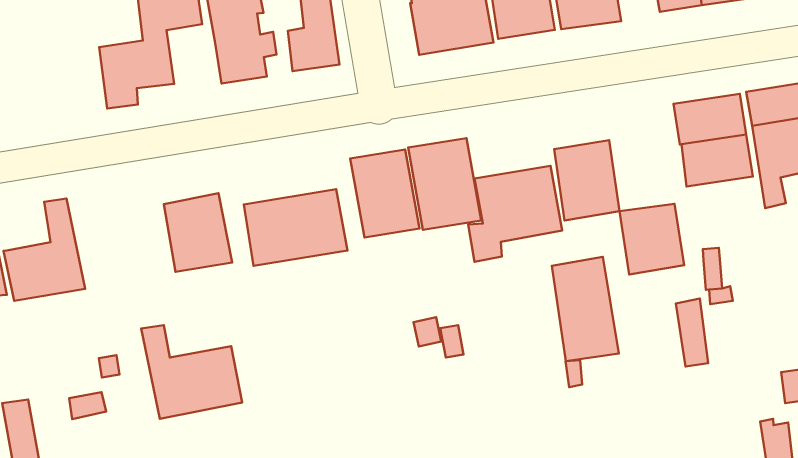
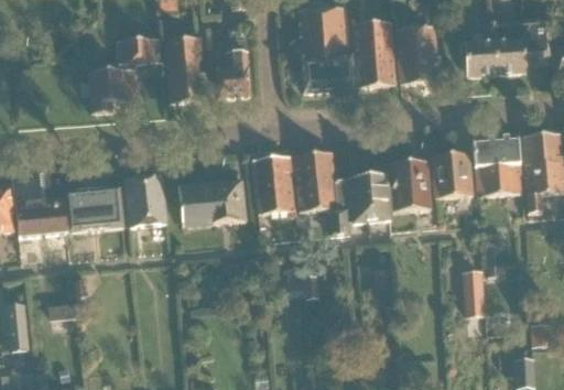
building: [620,204,684,274] -> [433,152,474,197]
building: [552,257,619,361] -> none
building: [141,325,242,419] -> [61,170,124,232]

